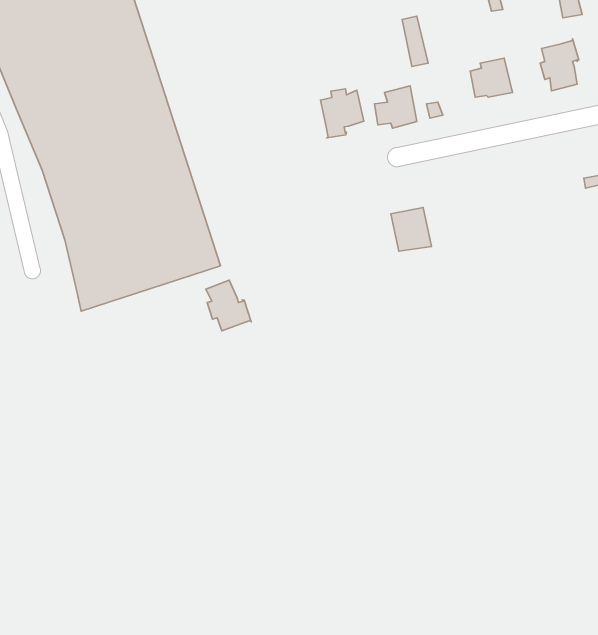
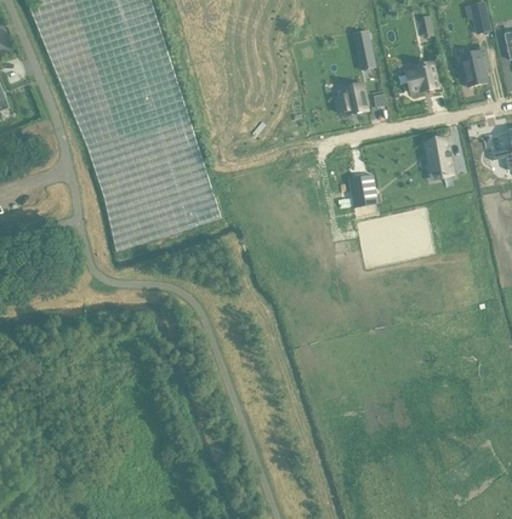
building: [320,89,364,138] -> none
building: none -> [425,137,451,175]
building: [206,280,251,331] -> none

